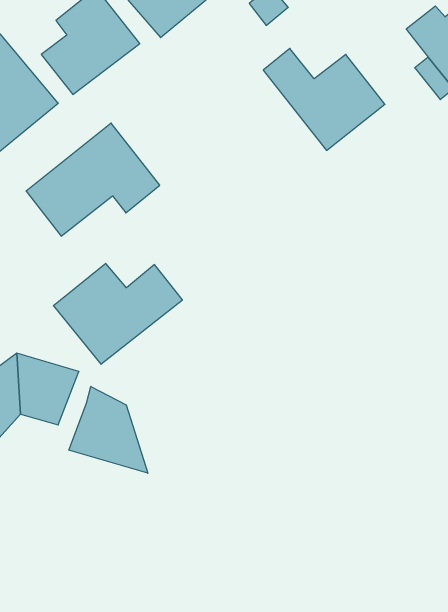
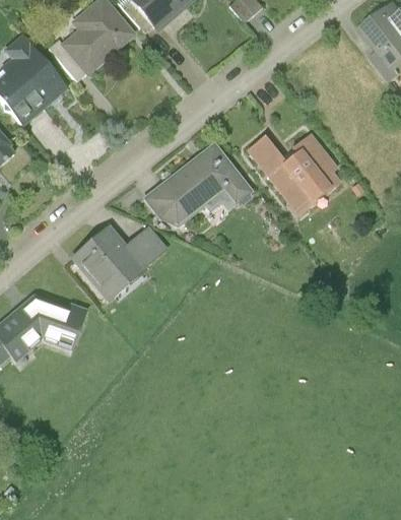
building: [263,48,385,150] -> [244,131,345,216]
building: [26,123,160,236] -> [143,139,255,234]
building: [69,386,148,473] -> none

